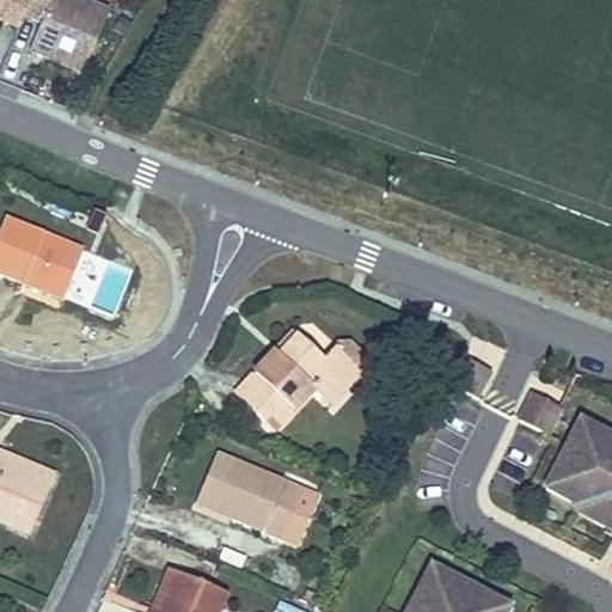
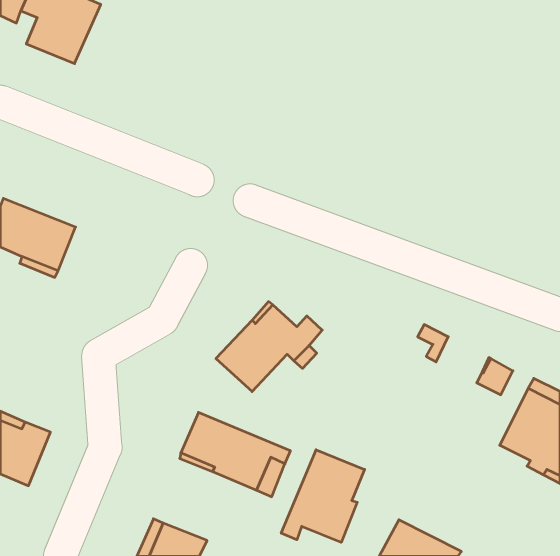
building: none -> [281,450,365,542]

